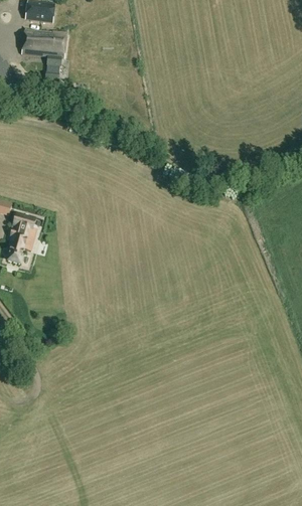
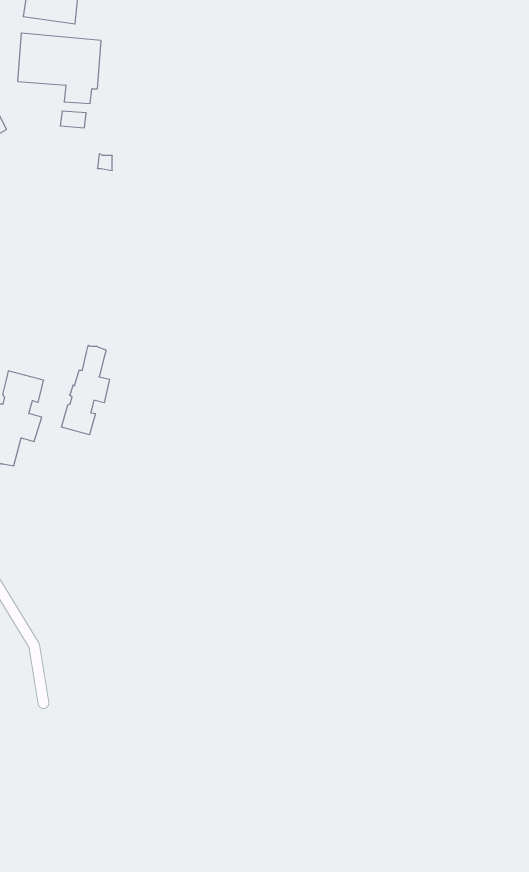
building: none -> [62,345,110,435]

